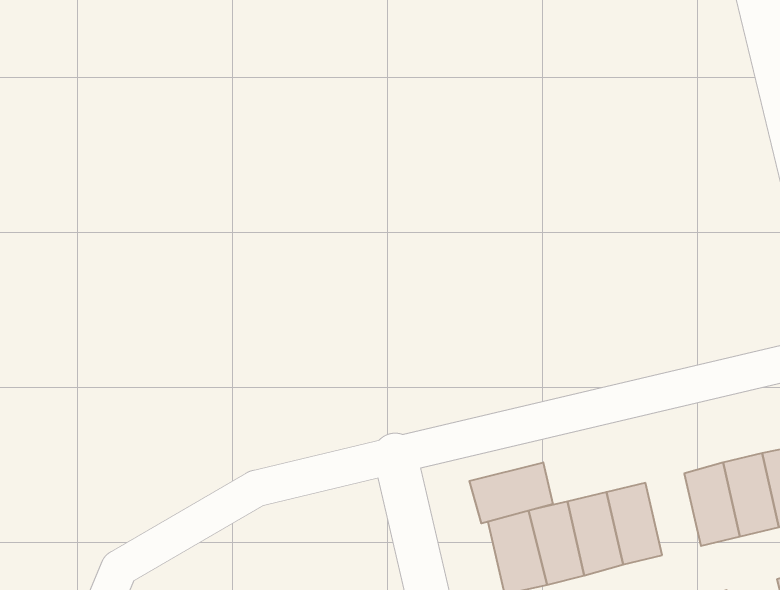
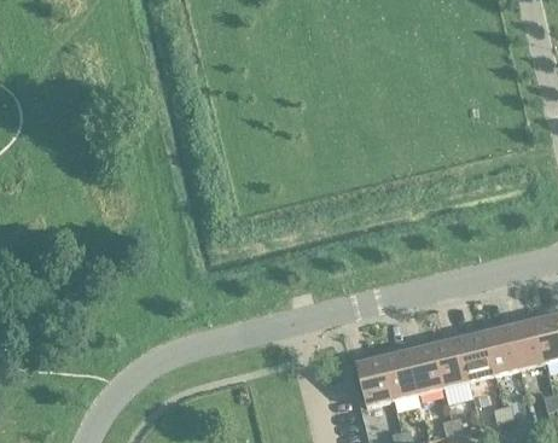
building: [469,462,553,523] -> none
building: none -> [458,330,494,383]

